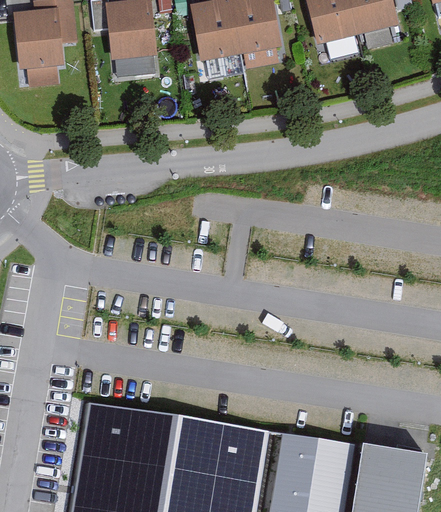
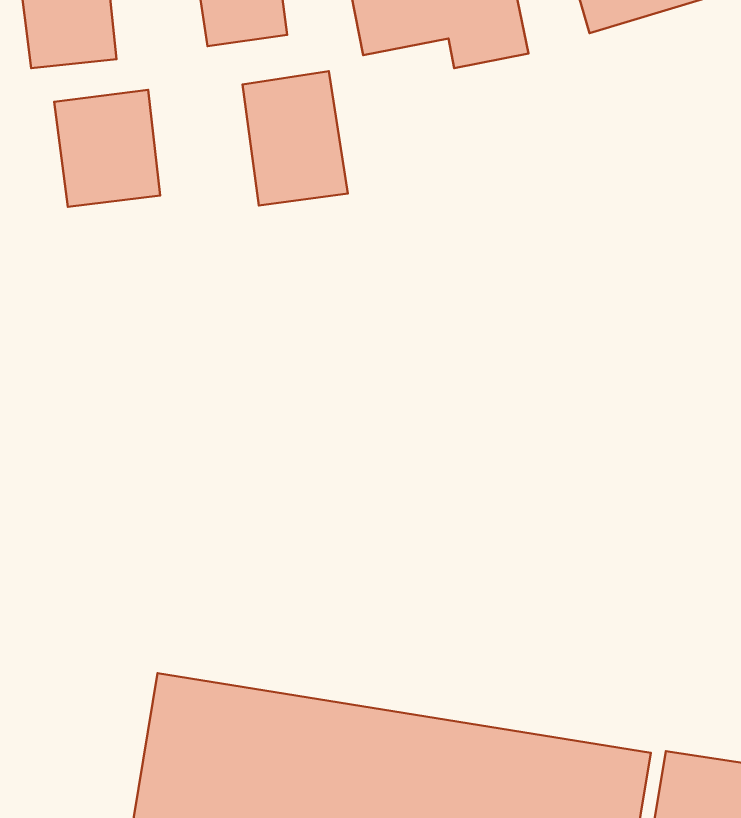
building: none -> [242,71,348,205]
building: none -> [54,90,160,207]

